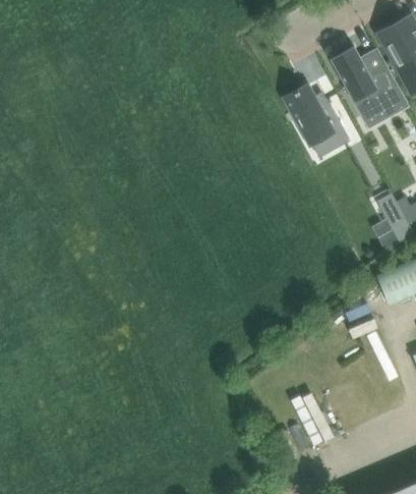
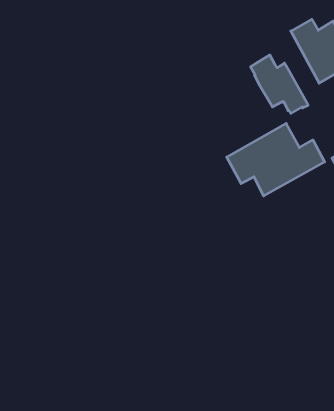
building: none -> [227,123,325,196]

